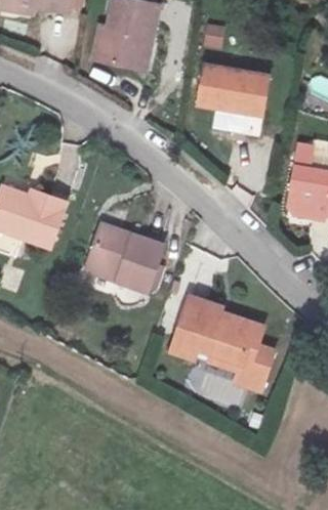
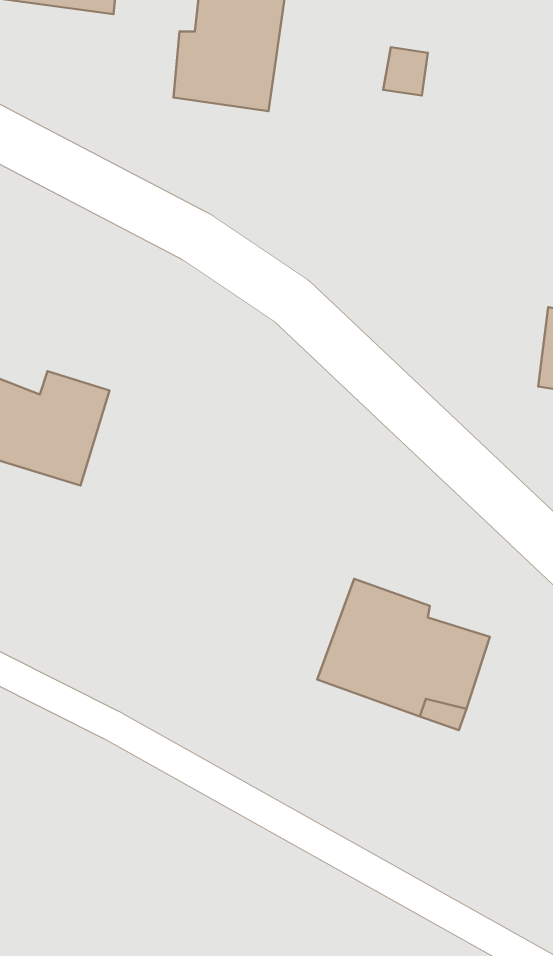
building: [194,66,265,118] -> none
building: [86,221,164,289] -> none

